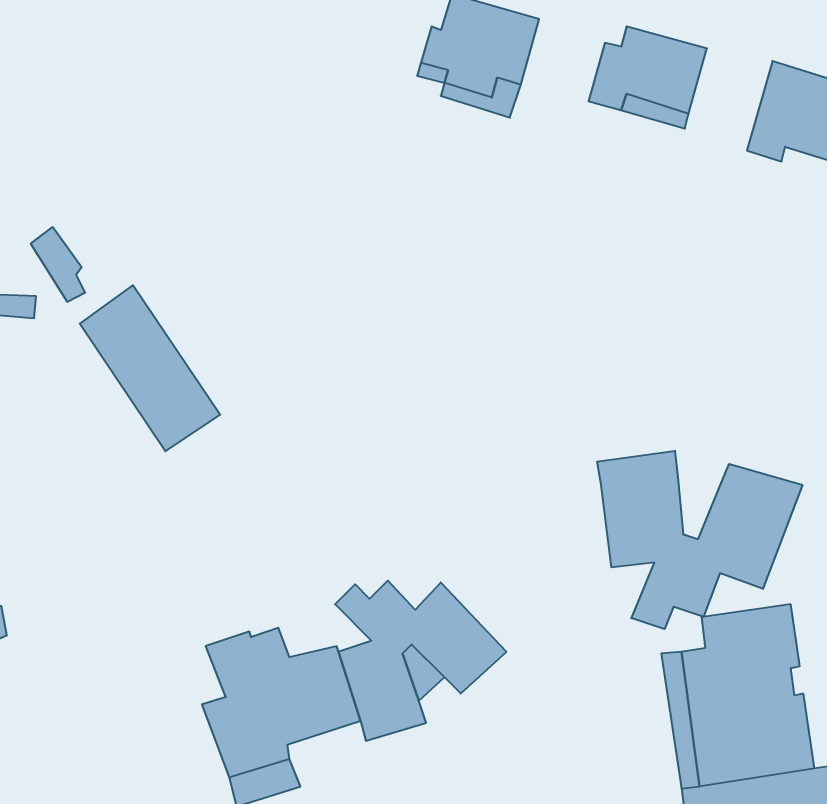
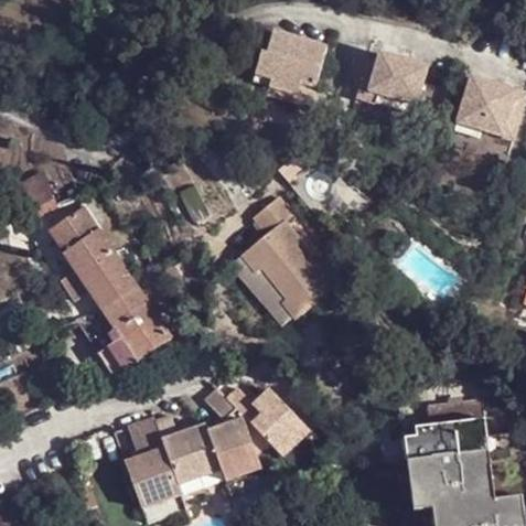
building: none -> [240,193,337,318]
building: none -> [75,286,170,372]
building: [597,451,802,629] -> none

